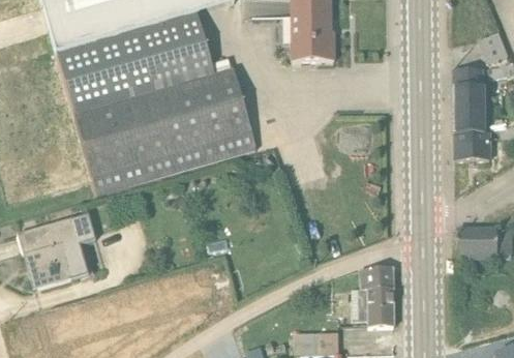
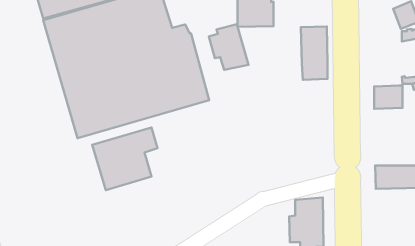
building: none -> [209,24,248,70]
building: [454,67,486,131] -> [301,26,328,80]
building: [19,212,97,288] -> [92,127,158,190]

